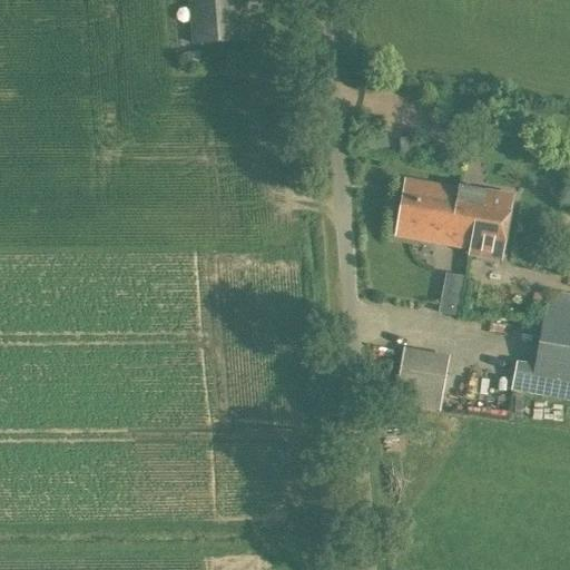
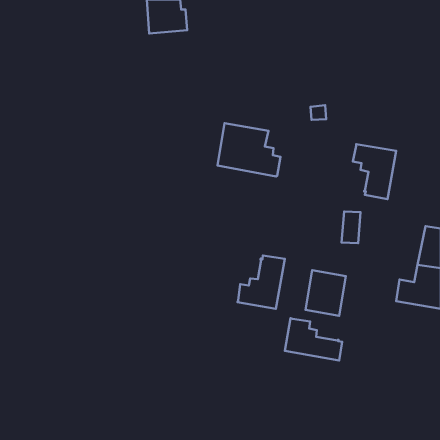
building: [395,178,476,247] -> [218,123,280,177]
building: none -> [238,255,285,309]
building: none -> [285,318,342,360]

